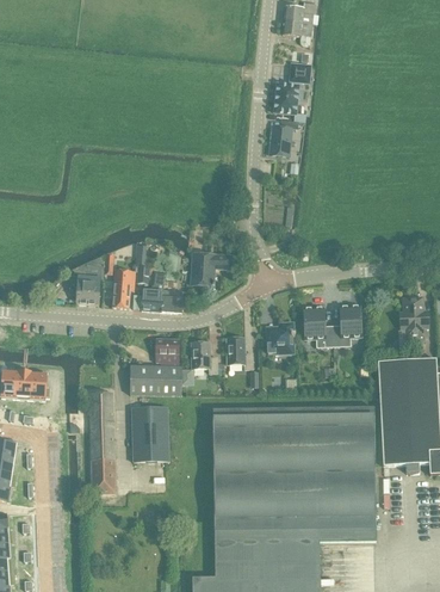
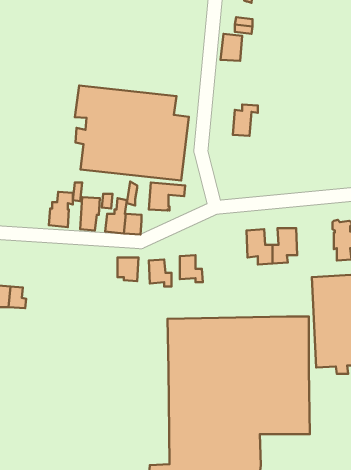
building: [269,119,298,155] -> [233,105,258,136]
building: none -> [75,85,189,180]
building: [267,322,293,352] -> none
building: [130,365,181,395] -> none
building: [89,393,114,494] -> none
building: [131,407,169,461] -> none

